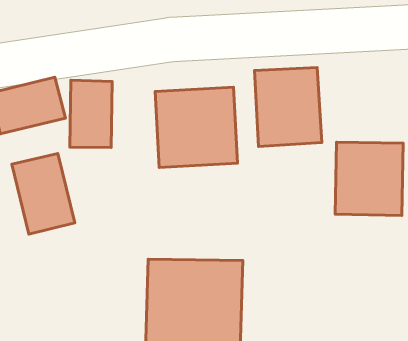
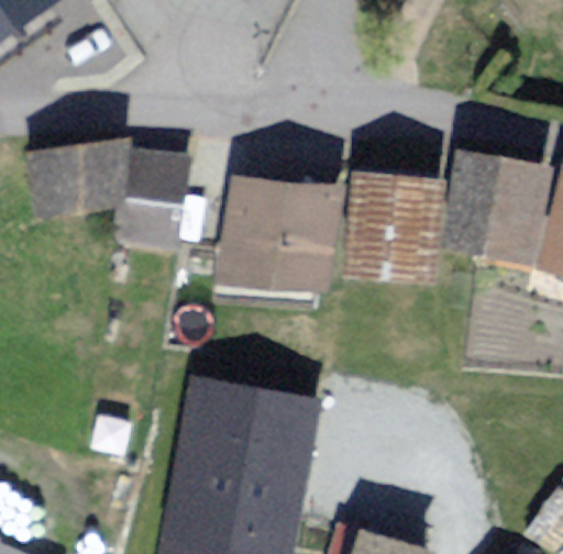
building: [335,142,403,215] -> [449,153,544,254]
building: [12,153,75,234] -> none

